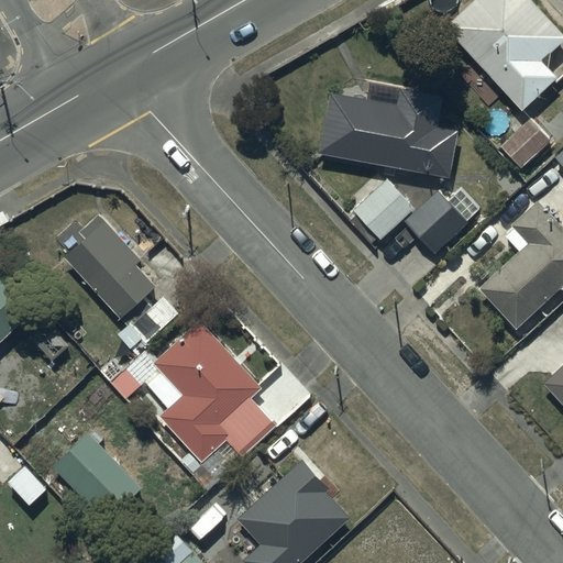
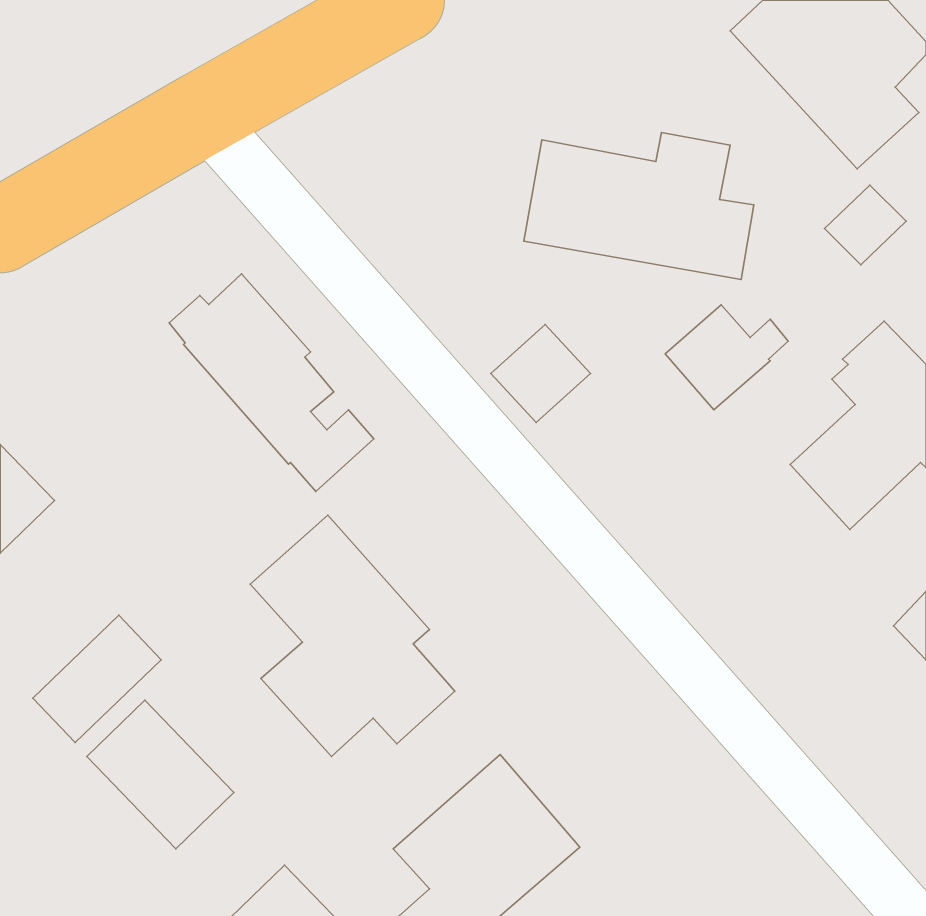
building: [353,180,413,240] -> [491,324,591,422]
building: [56,213,180,345] -> [169,274,374,491]
building: none -> [33,615,161,742]

